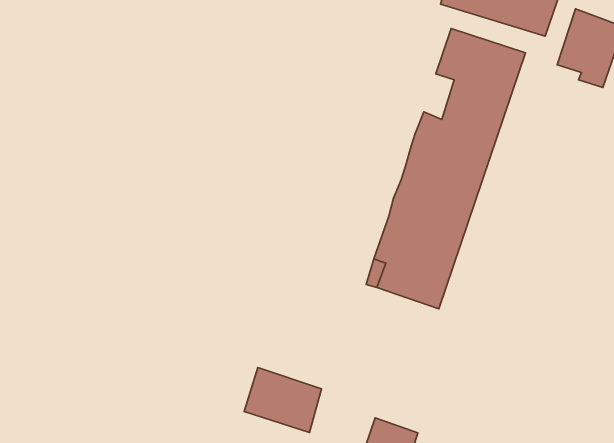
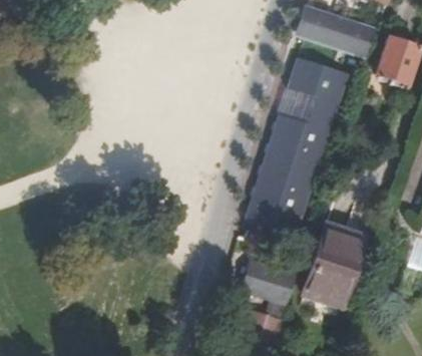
building: none -> [299,228,360,318]
building: [244,368,322,433] -> [242,261,293,304]

